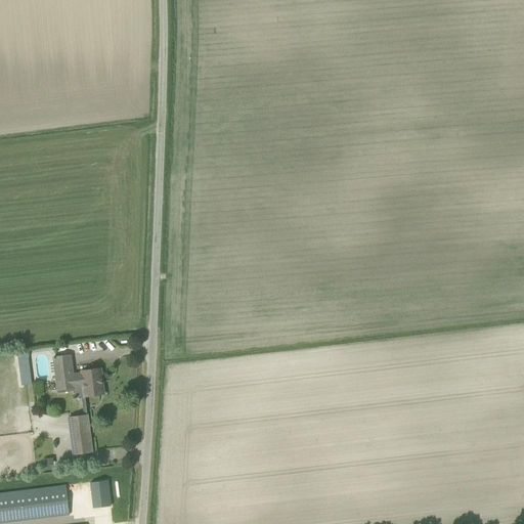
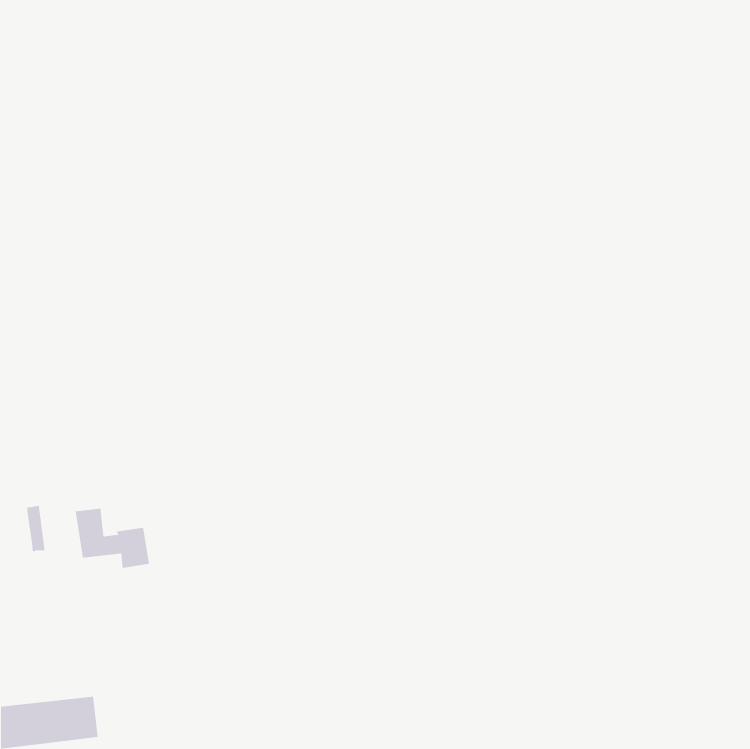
building: [69,414,92,453] -> none
building: [90,480,111,508] -> none

